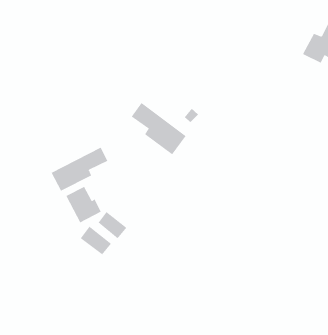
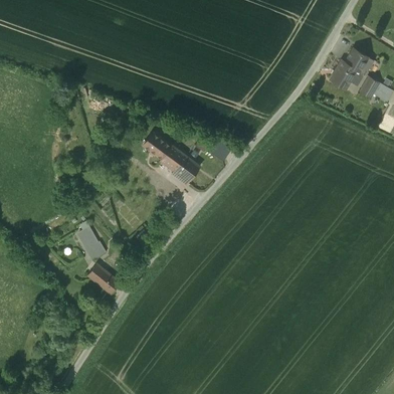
building: [51,147,108,192] -> none
building: [98,211,127,239] -> none

